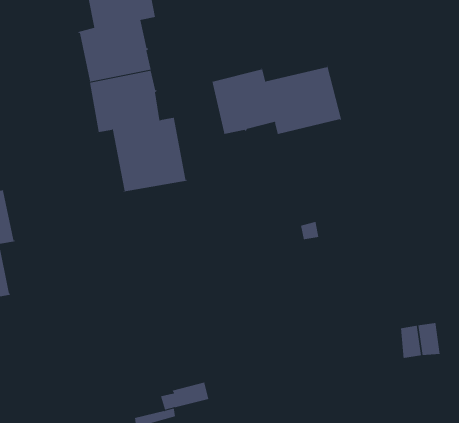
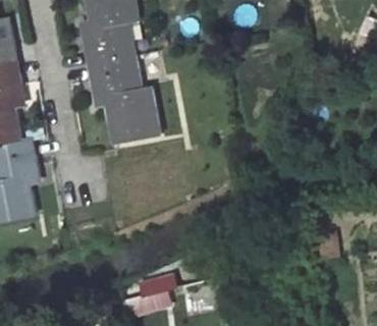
building: [211,65,342,136] -> none

